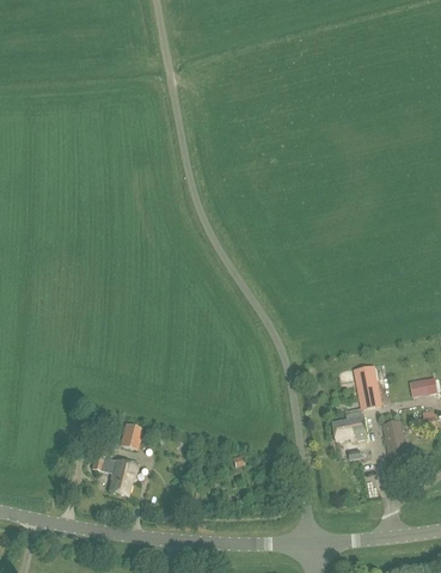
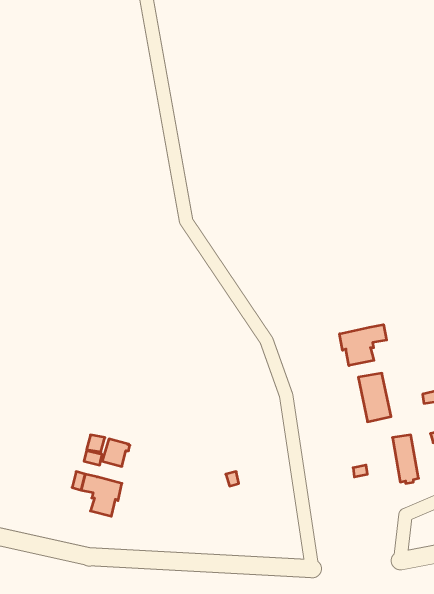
building: none -> [340,325,387,366]
building: [332,413,367,440] -> none

